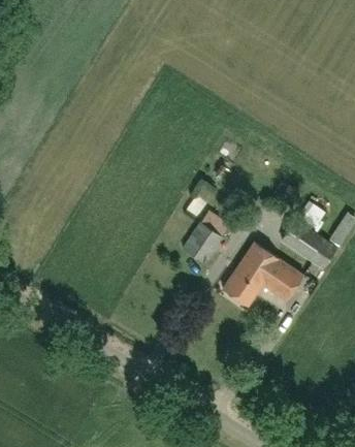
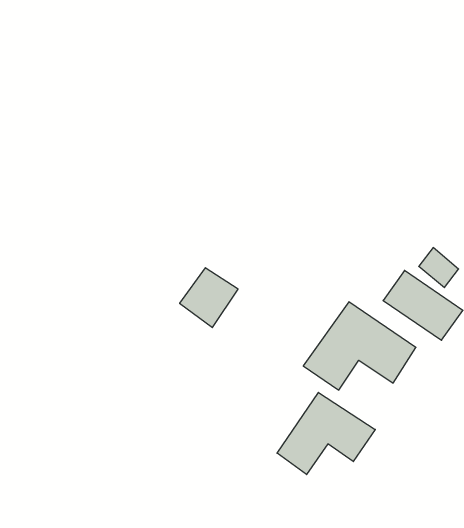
building: [179,220,221,263] -> [180,268,238,328]
building: none -> [277,392,375,475]

